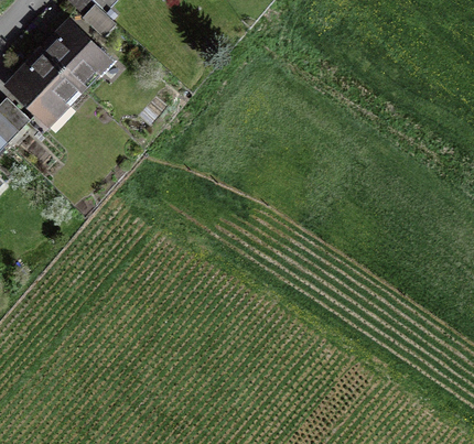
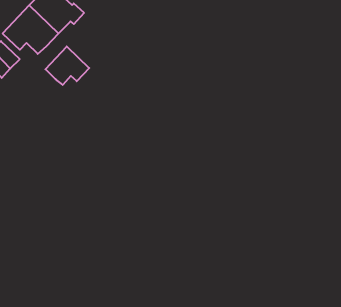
building: none -> [45,46,89,85]

